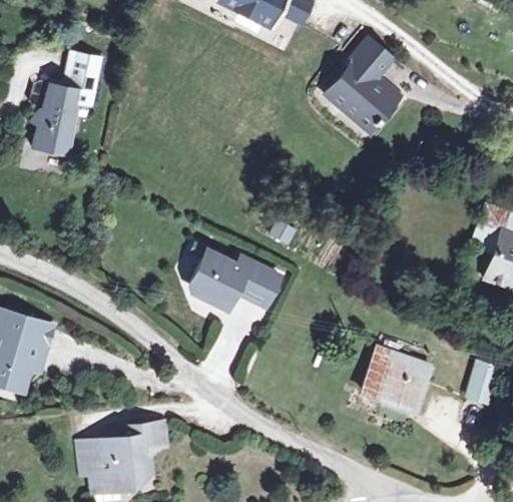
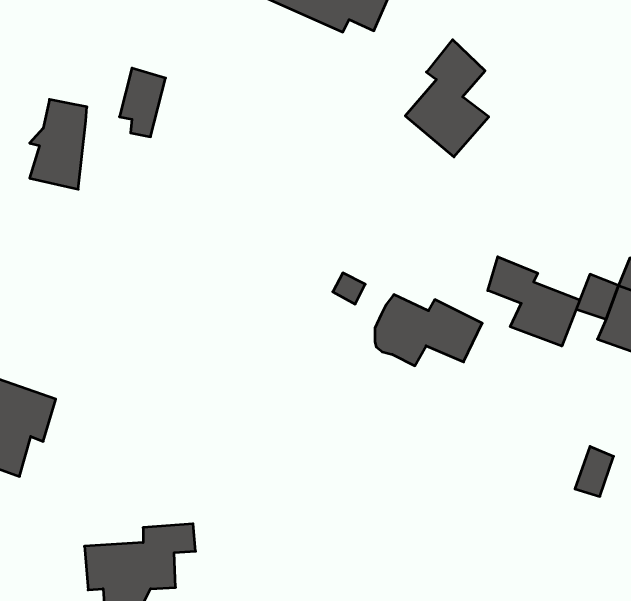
building: [65,48,102,103] -> [119,68,166,137]
building: none -> [488,257,580,346]
building: [193,253,280,310] -> [375,295,482,366]
building: [364,347,431,408] -> none

